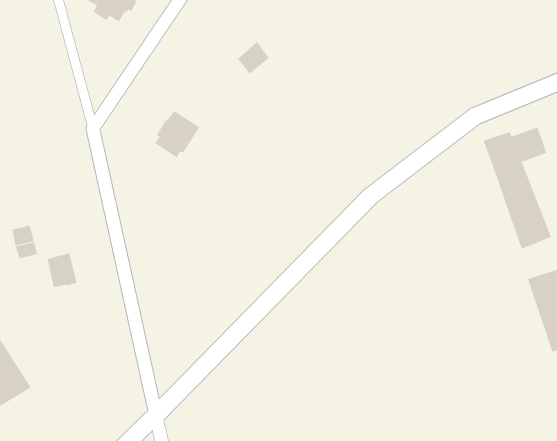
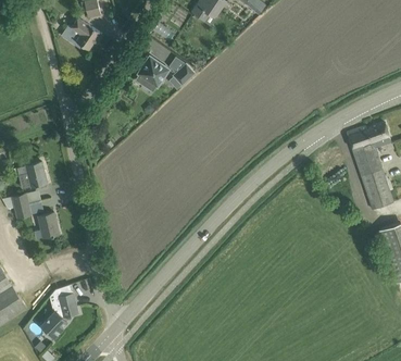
building: [154,111,200,158] -> [136,57,168,90]
building: none -> [16,162,46,187]
building: none -> [39,292,78,338]

